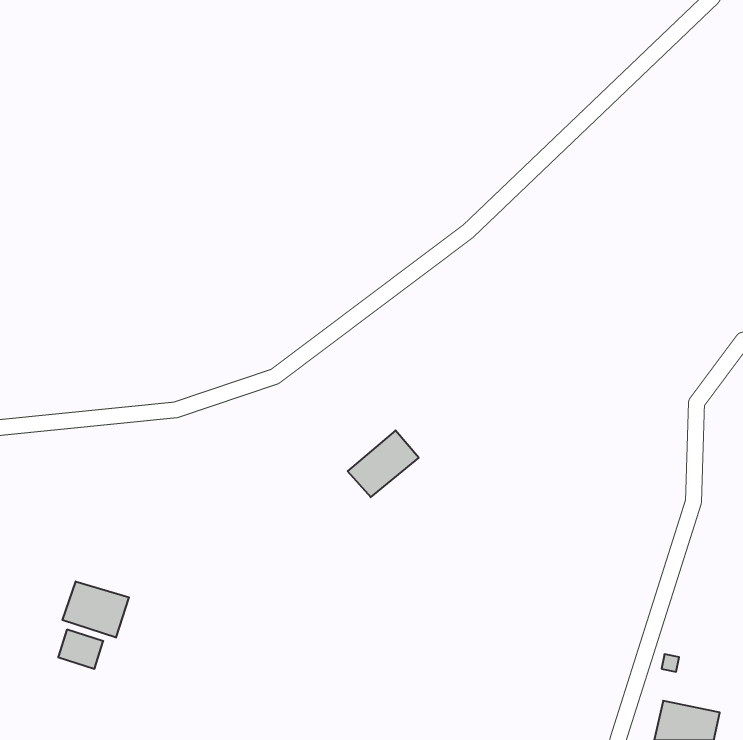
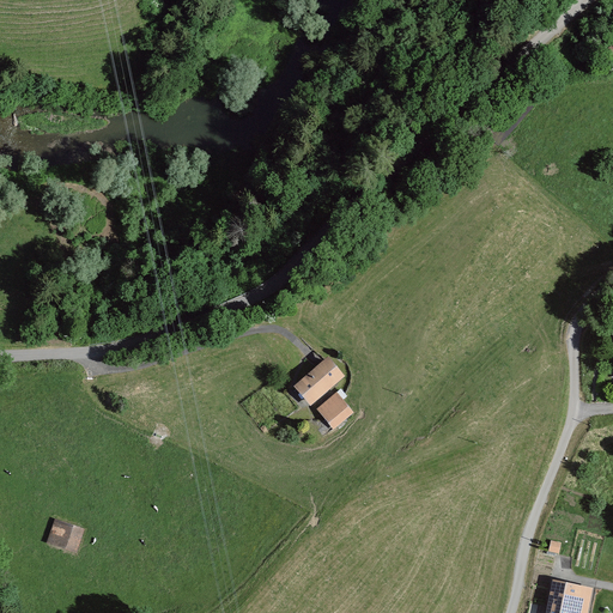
building: none -> [314,392,354,431]
building: [62,581,129,638] -> none

